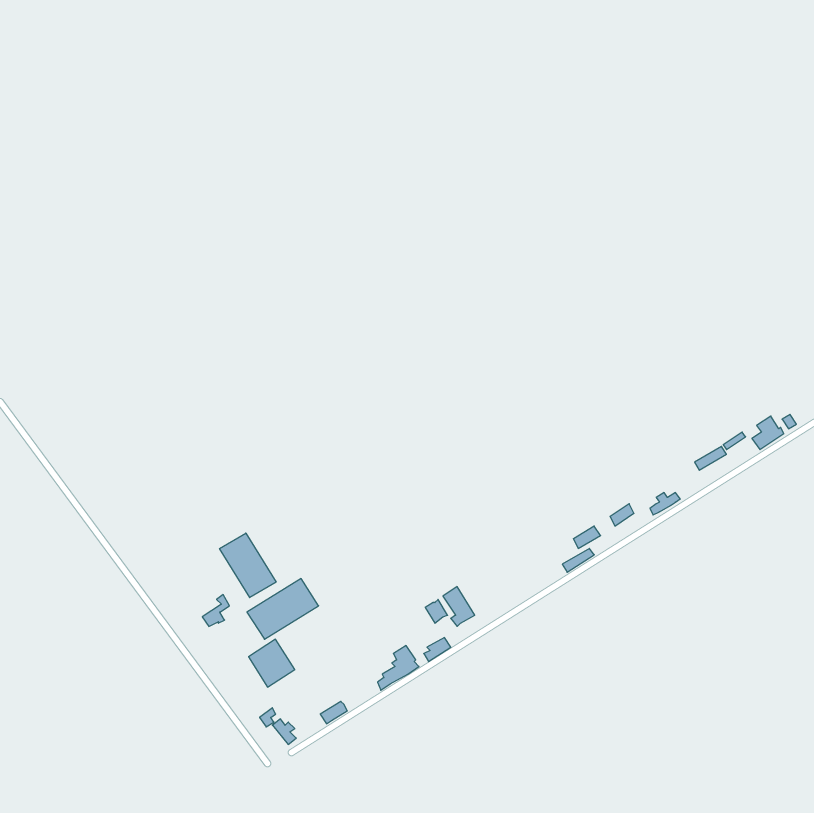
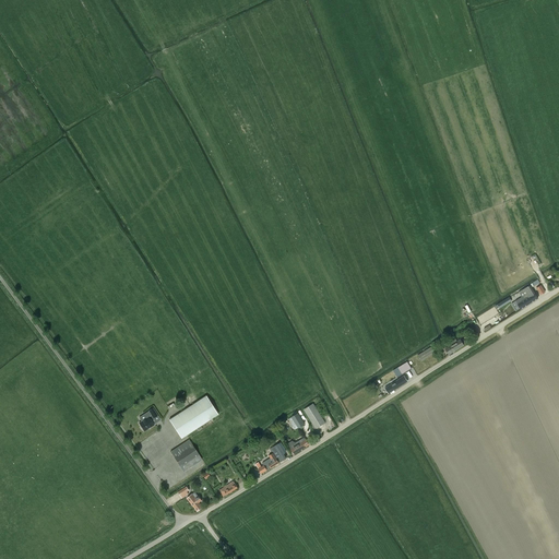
building: [220,533,276,598] -> none

